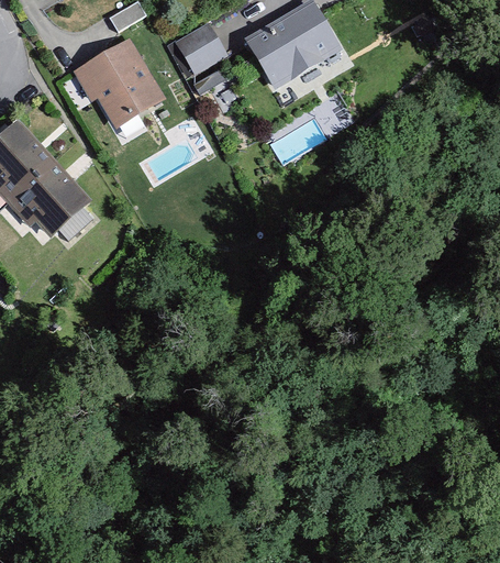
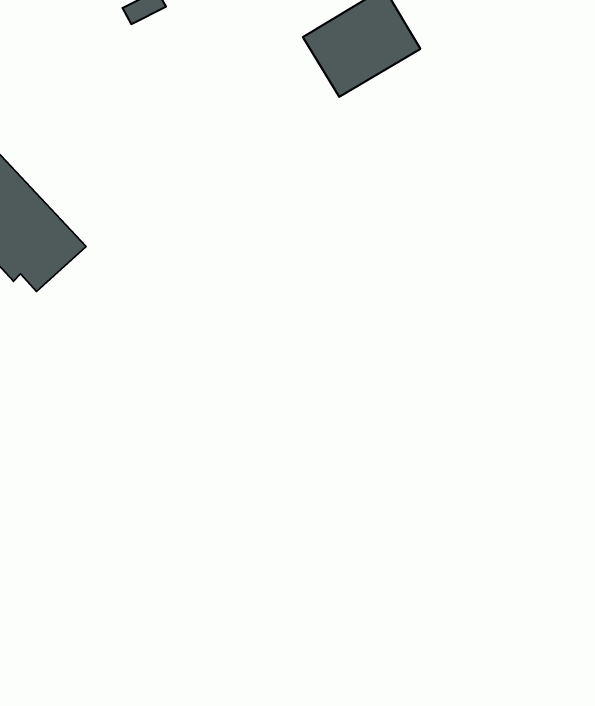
building: [179,29,222,71] -> none
building: [76,42,158,122] -> none

